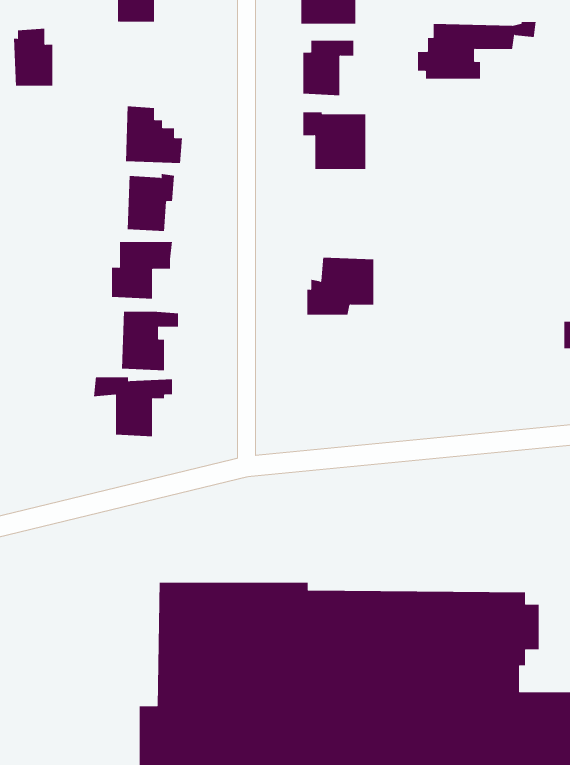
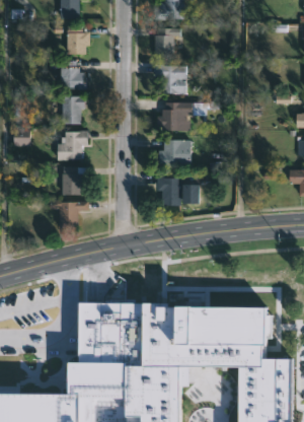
building: [417,21,537,79] -> [157,100,218,130]
building: [13,28,53,86] -> [66,24,86,54]
building: none -> [155,178,196,206]

